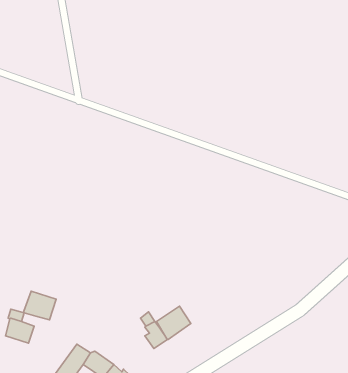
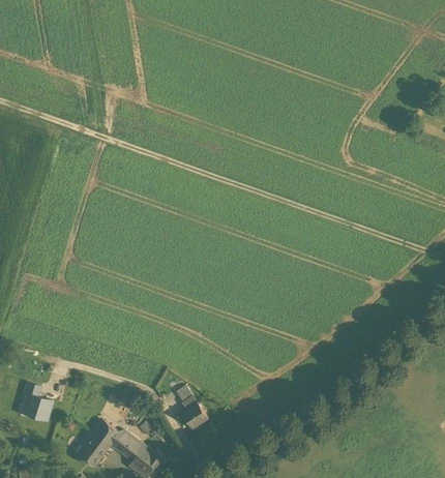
building: [24,291,56,320] -> none
building: [156,306,191,339] -> none

